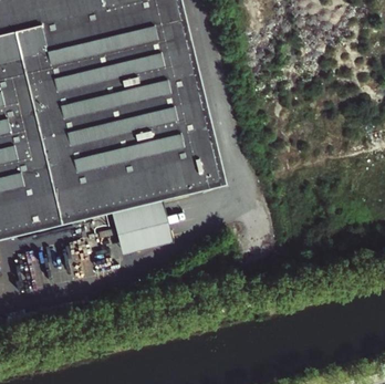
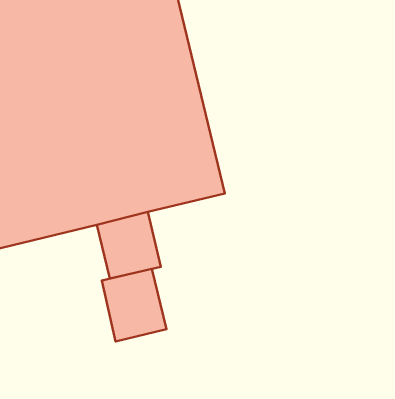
building: none -> [102,269,166,341]

